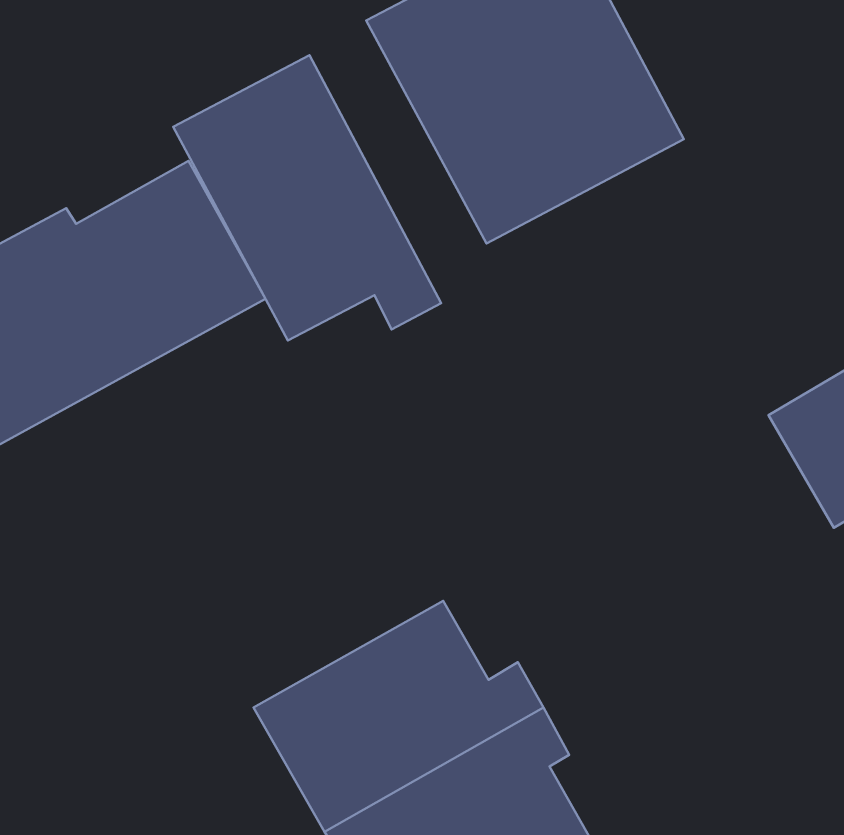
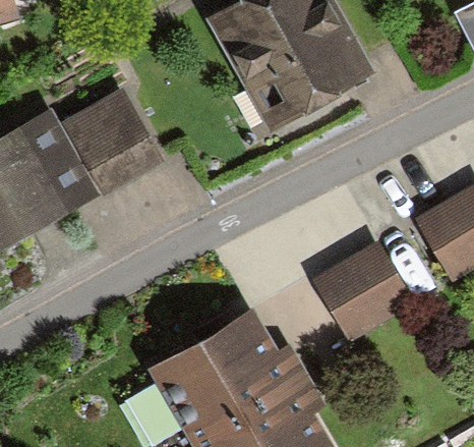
building: [173,55,441,340] -> none
building: none -> [311,241,411,343]

